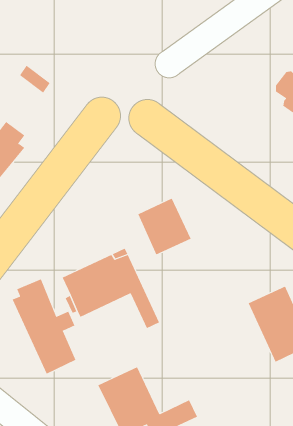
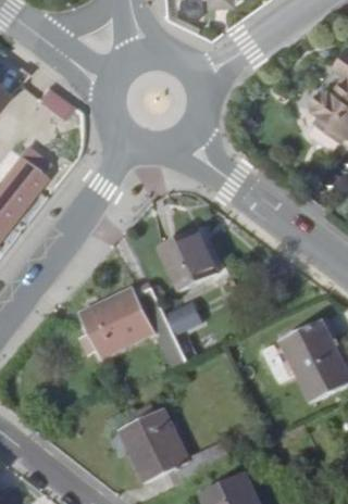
building: [12,279,76,375] -> none

